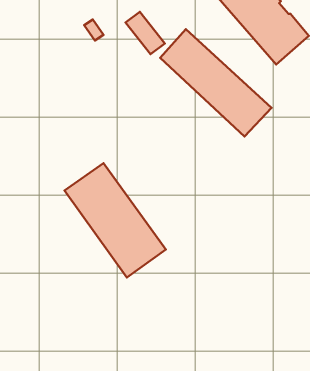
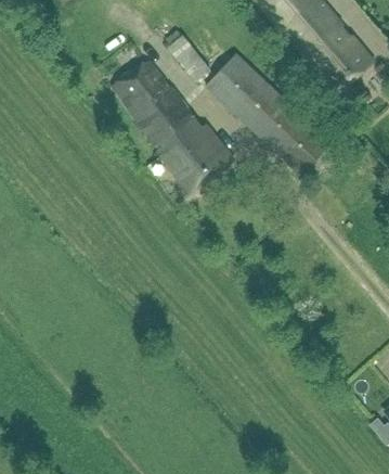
building: none -> [112,62,233,192]
building: [64,163,166,278] -> none

